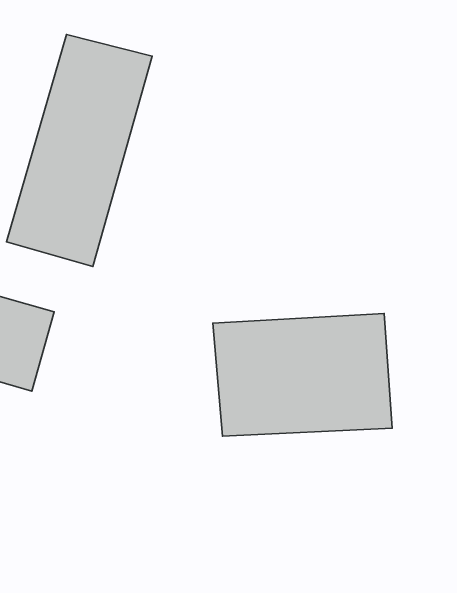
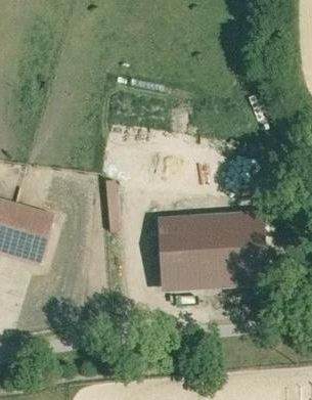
building: [7,34,152,267] -> none

